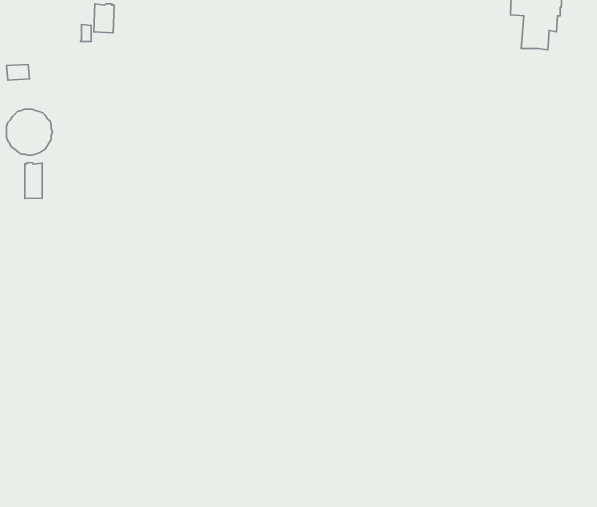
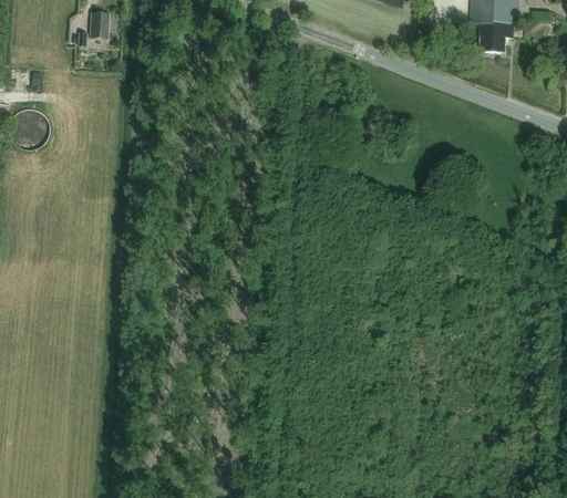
building: [25,162,42,198] -> none

